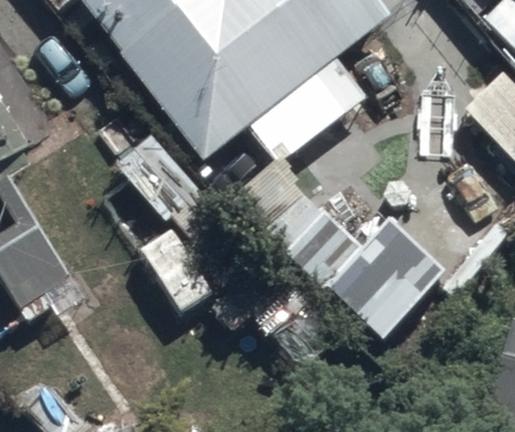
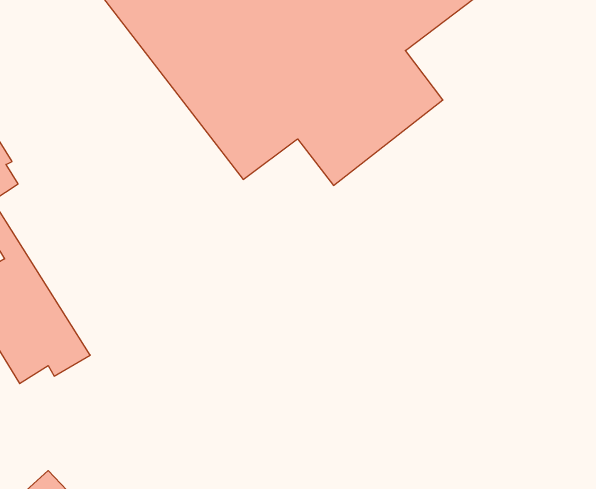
building: [260,190,443,337] -> none

